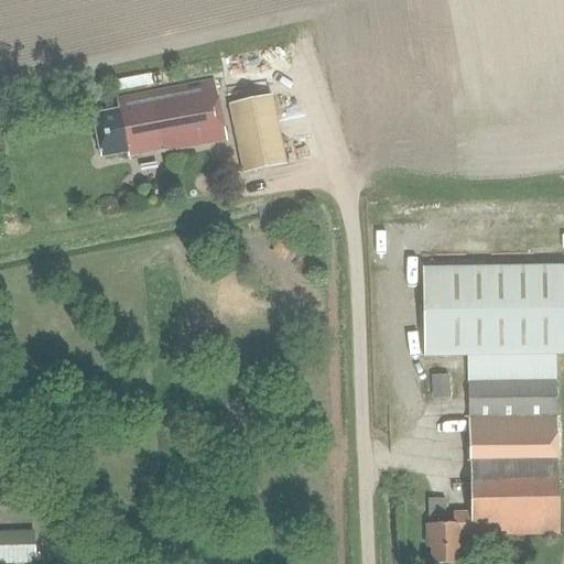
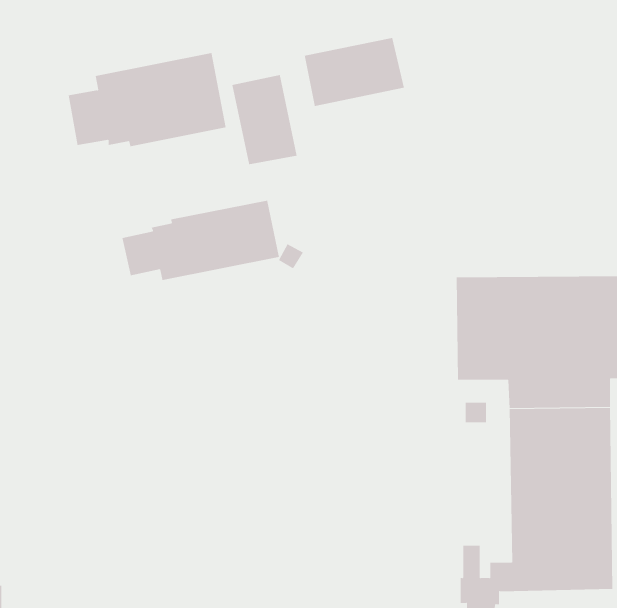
building: none -> [304,37,404,107]
building: none -> [122,200,279,281]

